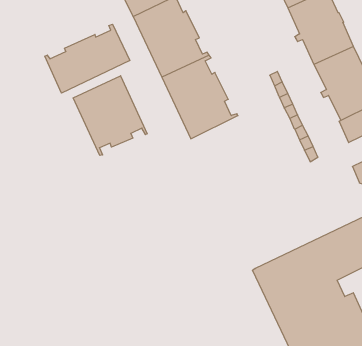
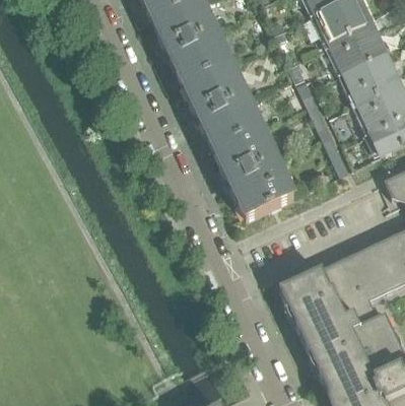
building: [45,24,130,93] -> none
building: [73,76,147,155] -> none
building: none -> [214,126,294,218]

